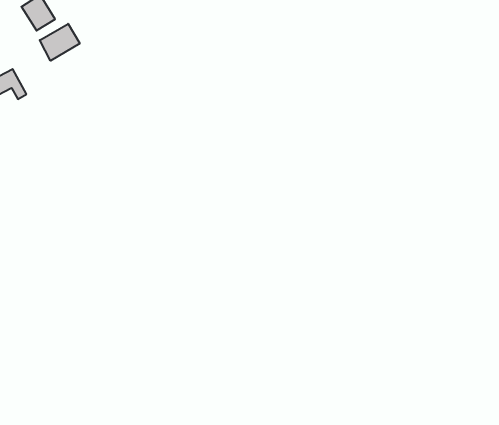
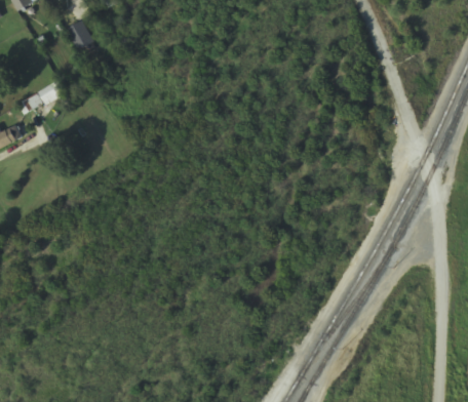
building: [40,24,80,61] -> none

